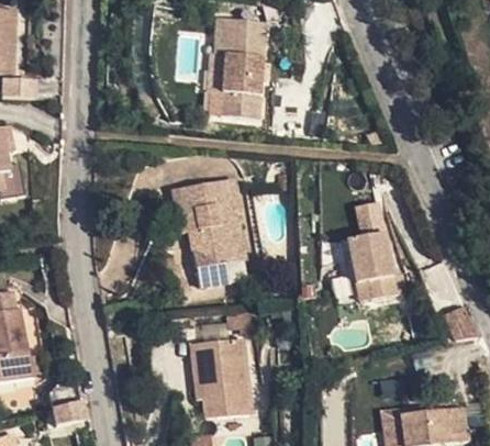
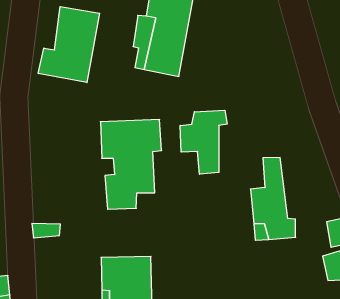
building: none -> [38,7,100,83]
building: none -> [180,110,227,174]

